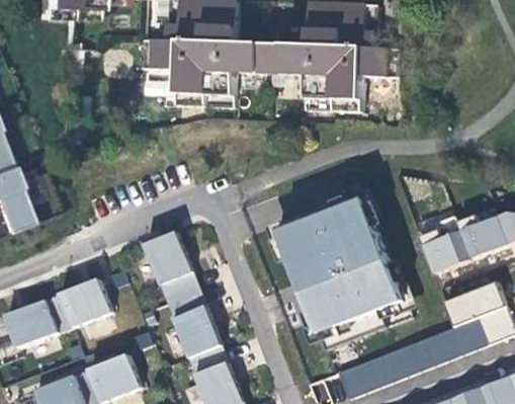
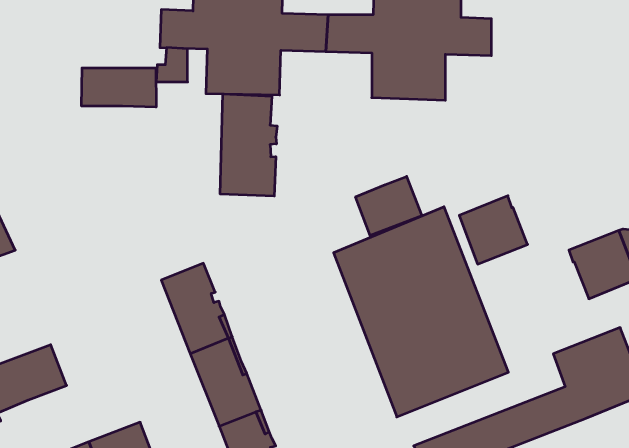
building: none -> [82,68,156,107]
building: none -> [220,94,277,196]
building: none -> [356,176,422,236]
building: [420,222,473,274] -> [459,196,528,264]
building: [59,279,110,326] -> none

